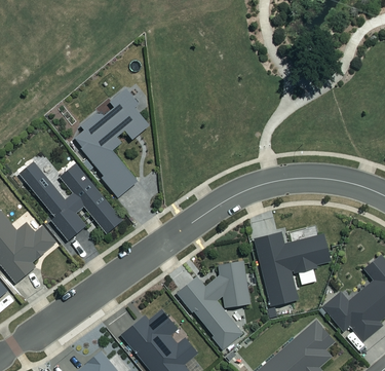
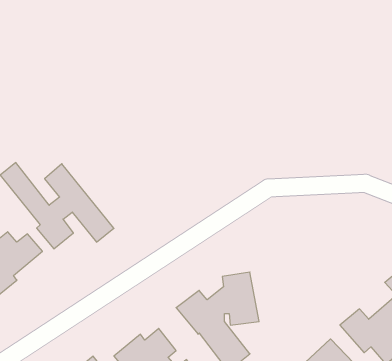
building: [74,87,148,196] -> none
building: [254,232,330,305] -> none

